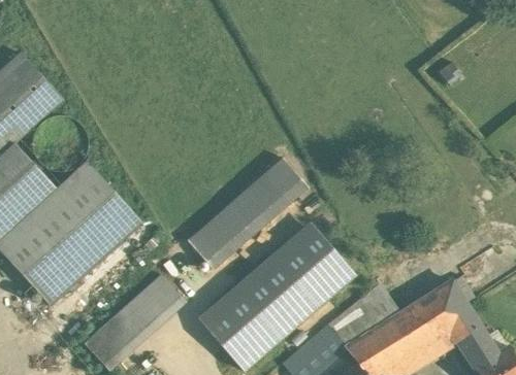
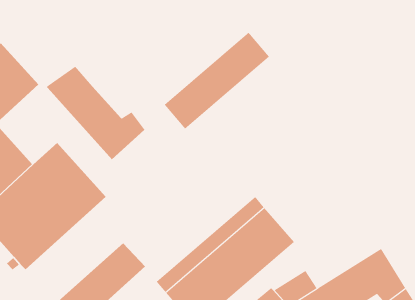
building: none -> [46,66,145,160]
building: [187,158,307,268] -> [164,32,270,130]

